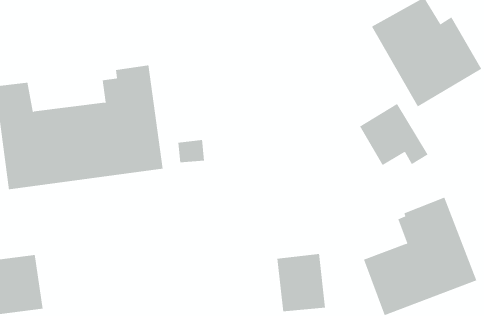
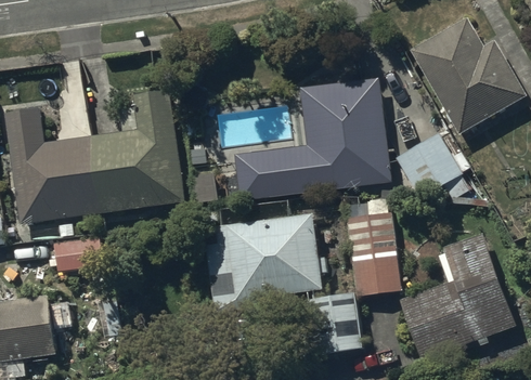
building: none -> [233,77,389,200]
building: none -> [347,211,401,294]
building: none -> [203,214,326,314]

